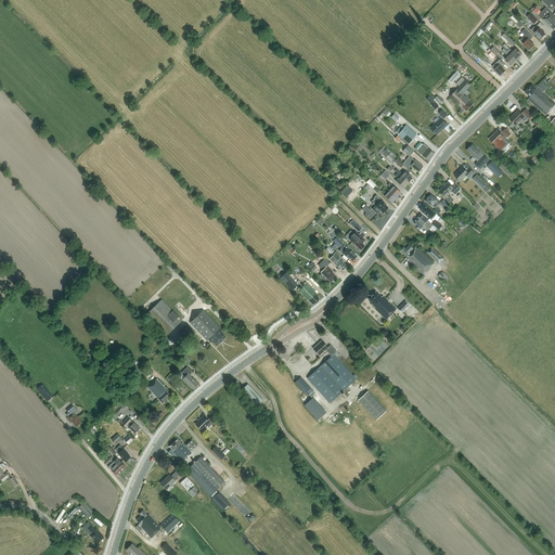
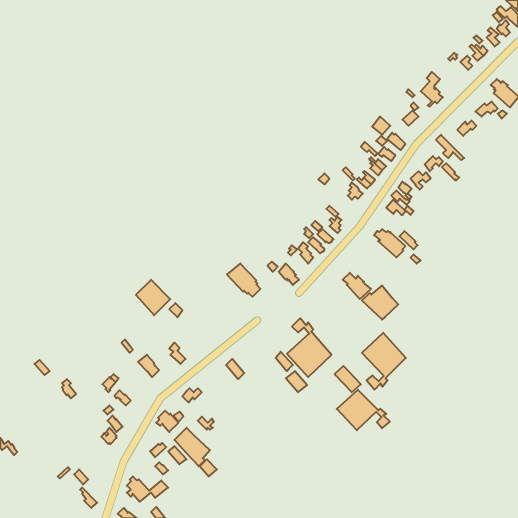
building: none -> [362,286,398,320]
building: [190,310,225,346] -> [227,263,260,297]
building: none -> [362,333,406,390]
building: none -> [337,390,390,430]

